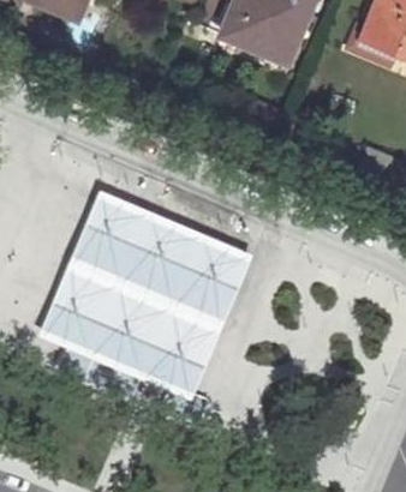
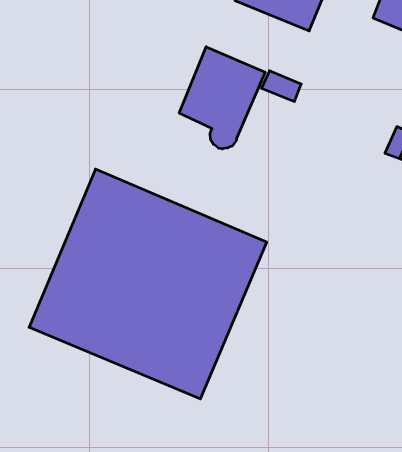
building: none -> [179,47,265,149]

